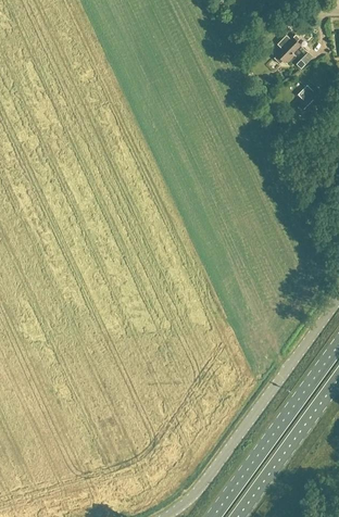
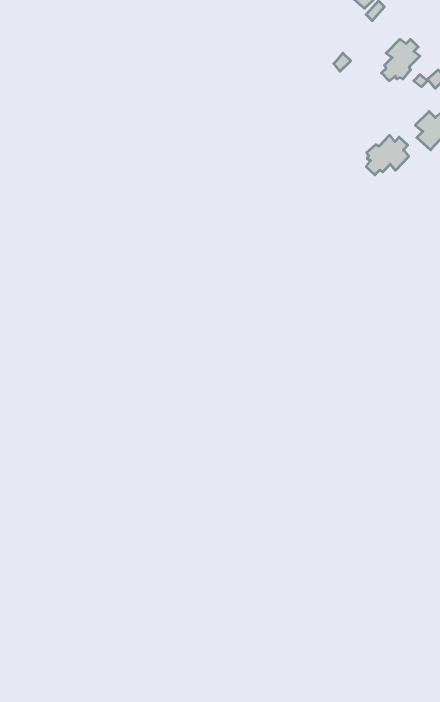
building: none -> [366,135,409,175]

